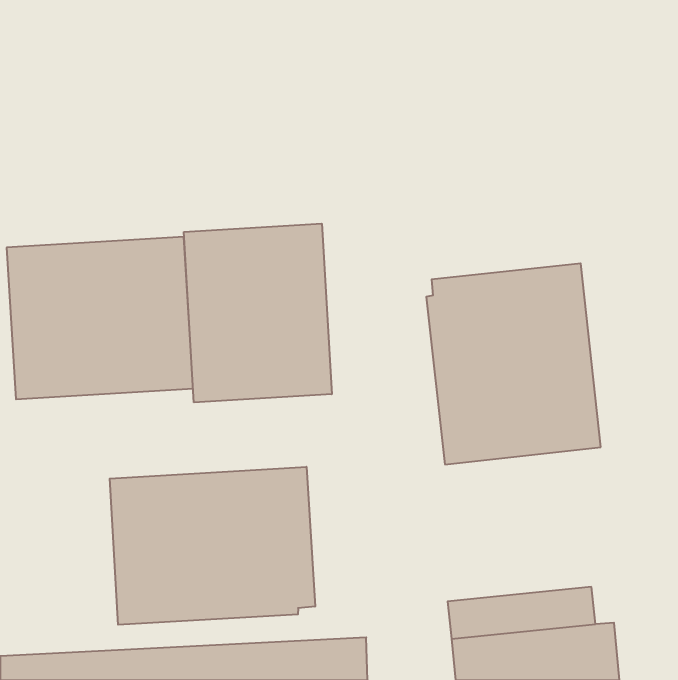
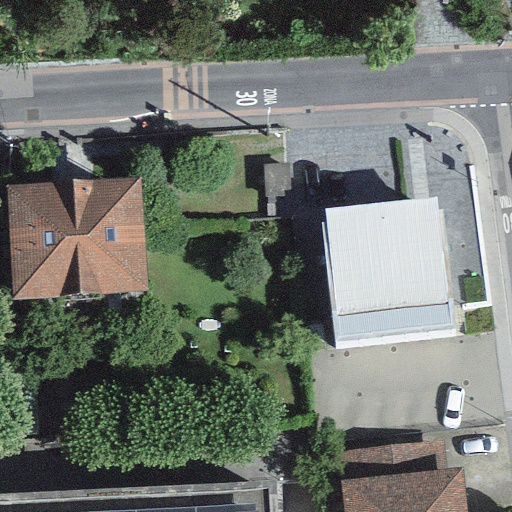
building: [184,224,332,402] -> none
building: [110,467,315,625] -> none

